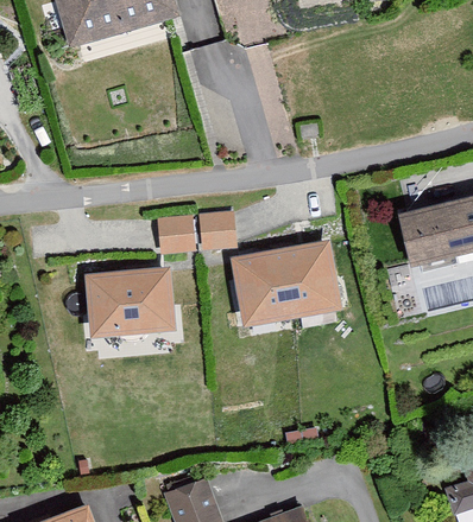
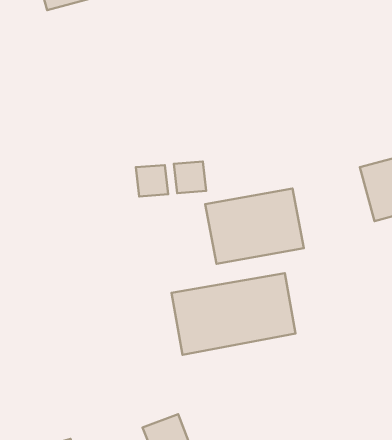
building: [89,269,171,330] -> none
building: none -> [171,273,296,355]

